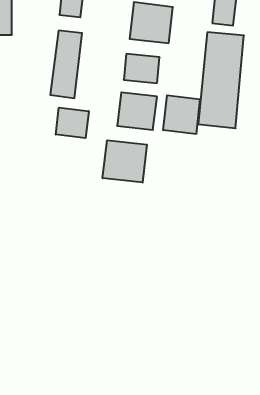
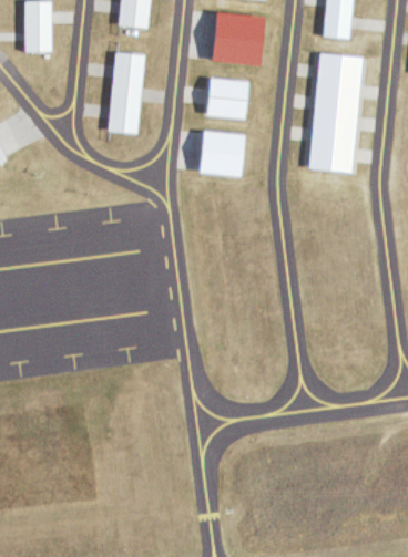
building: [163,95,200,134] -> none
building: [56,108,89,138] -> none
building: [103,140,147,183] -> none

